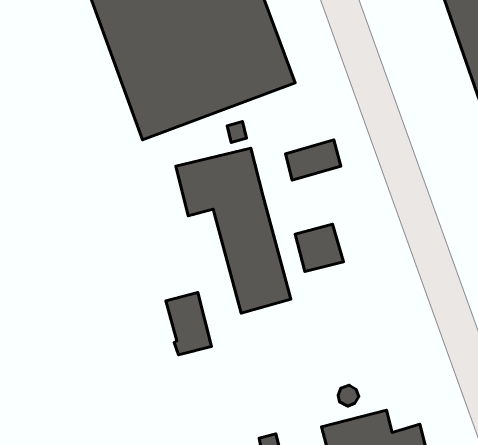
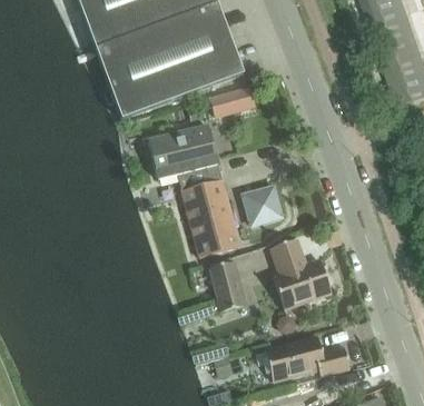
building: [285,140,341,180] -> [210,86,255,118]
building: none -> [269,238,332,309]
building: [166,292,212,355] -> [209,261,246,311]

